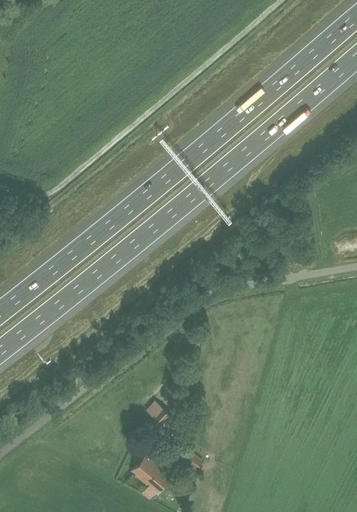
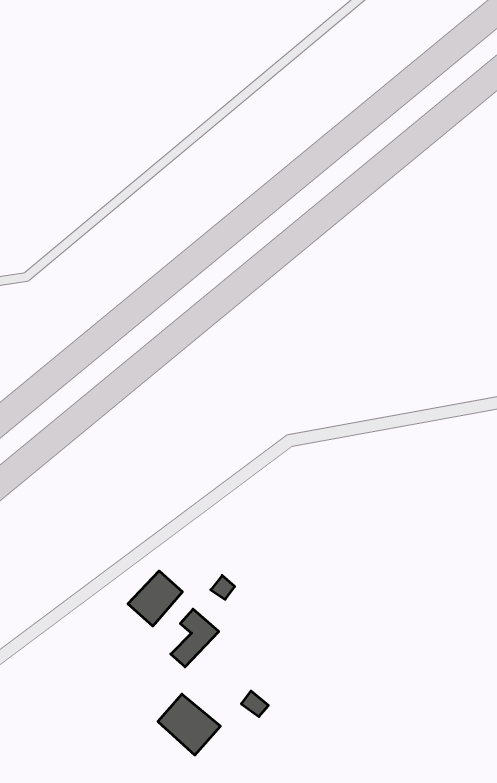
building: none -> [128,571,182,626]

